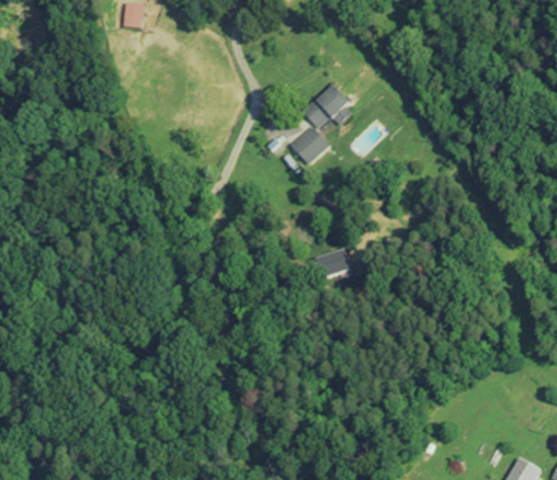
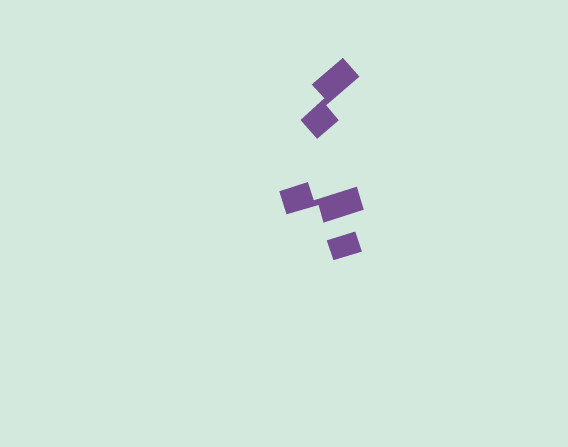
building: none -> [279,181,365,224]

